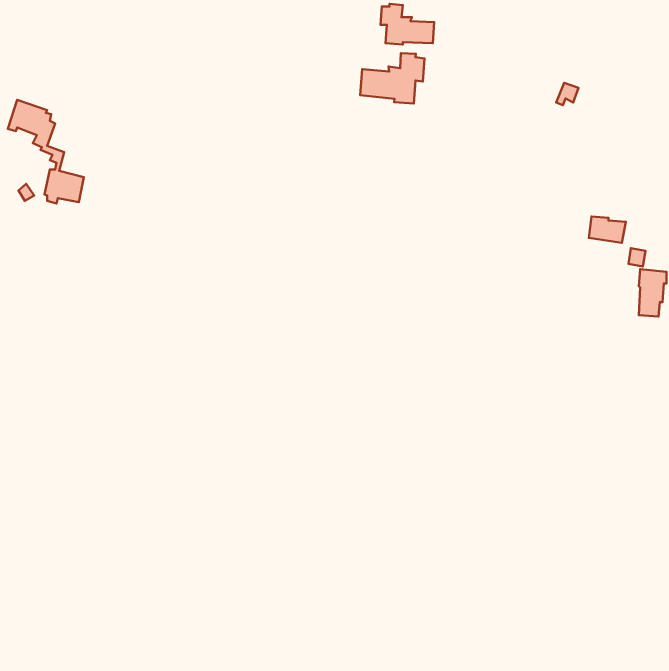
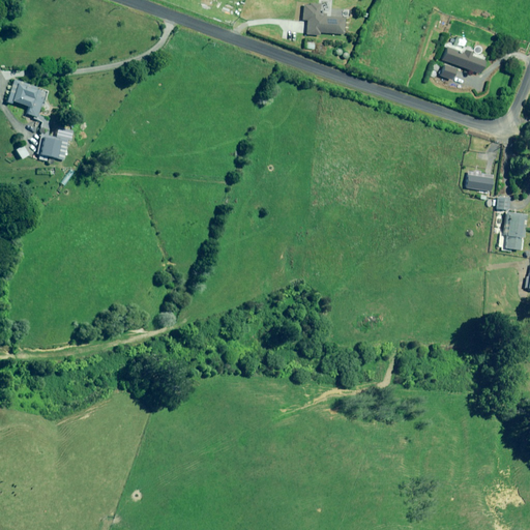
building: [360,53,424,103] -> none
building: none -> [444,48,487,73]

